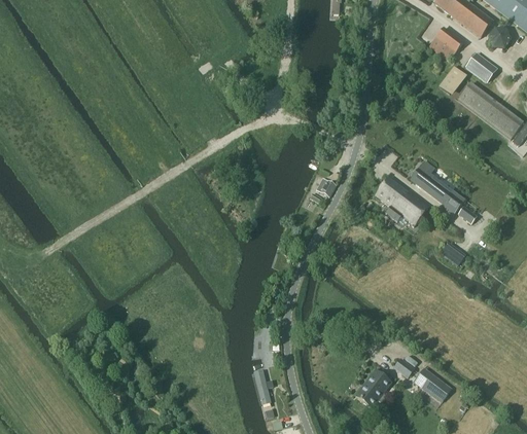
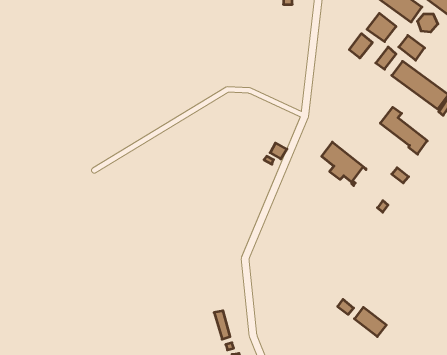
building: none -> [349,34,372,58]
building: [411,160,465,215] -> [380,107,427,154]
building: [356,369,391,406] -> none

